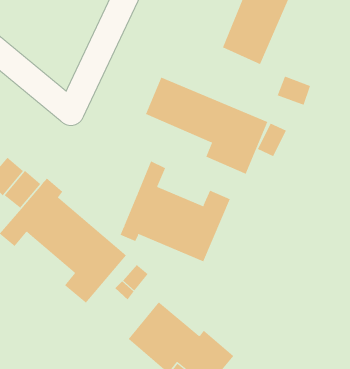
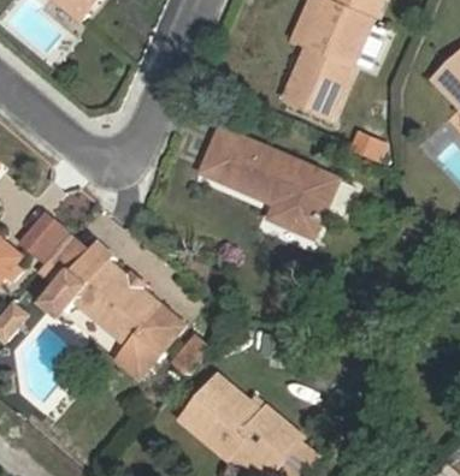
building: [120,161,231,262] -> none

